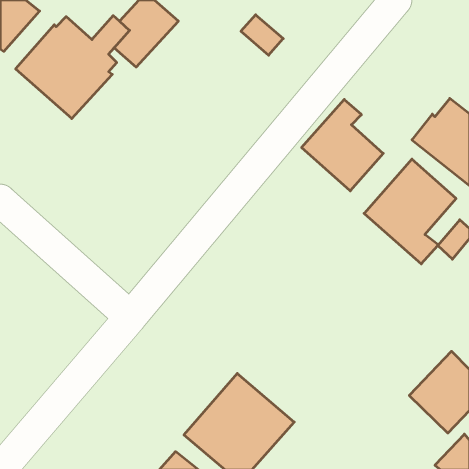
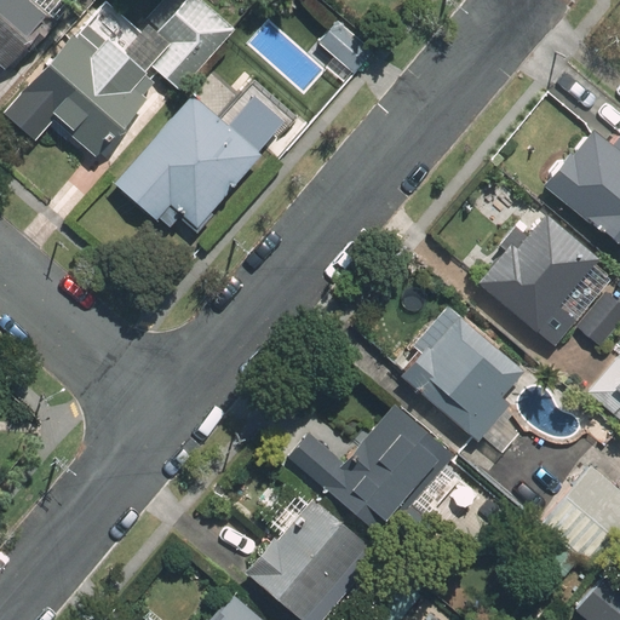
building: none -> [114,96,268,226]
building: [302,99,383,191] -> none
building: none -> [398,304,523,452]
building: none -> [291,404,447,534]

